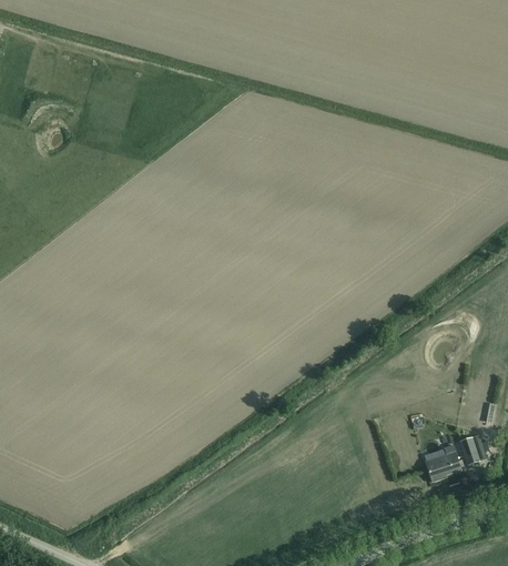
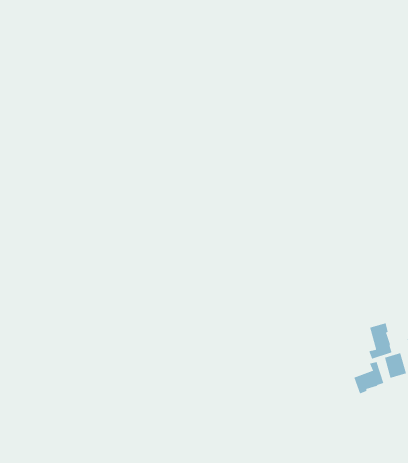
building: none -> [368,323,392,359]

